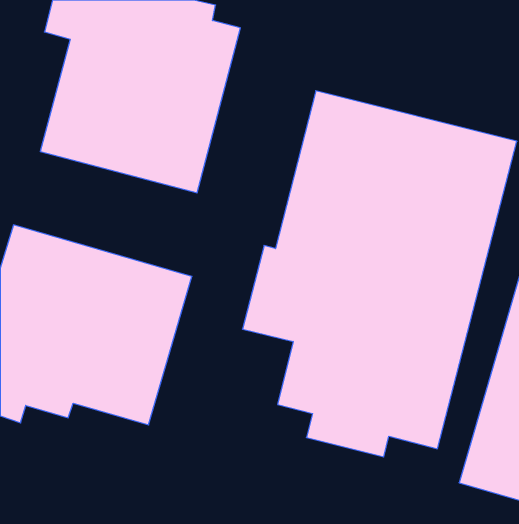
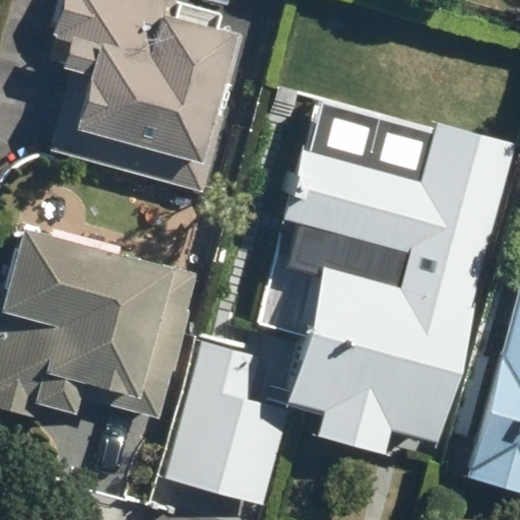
building: none -> [167,338,296,495]

